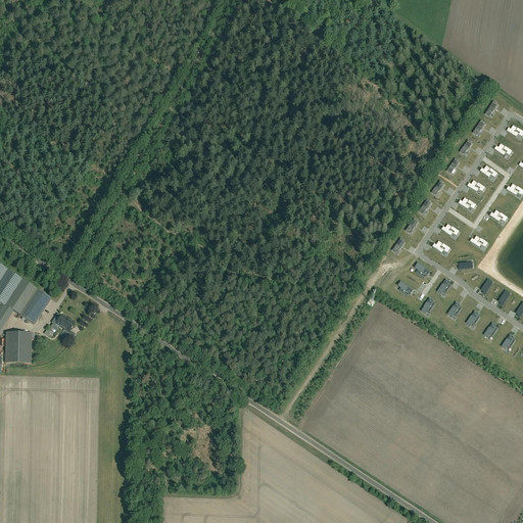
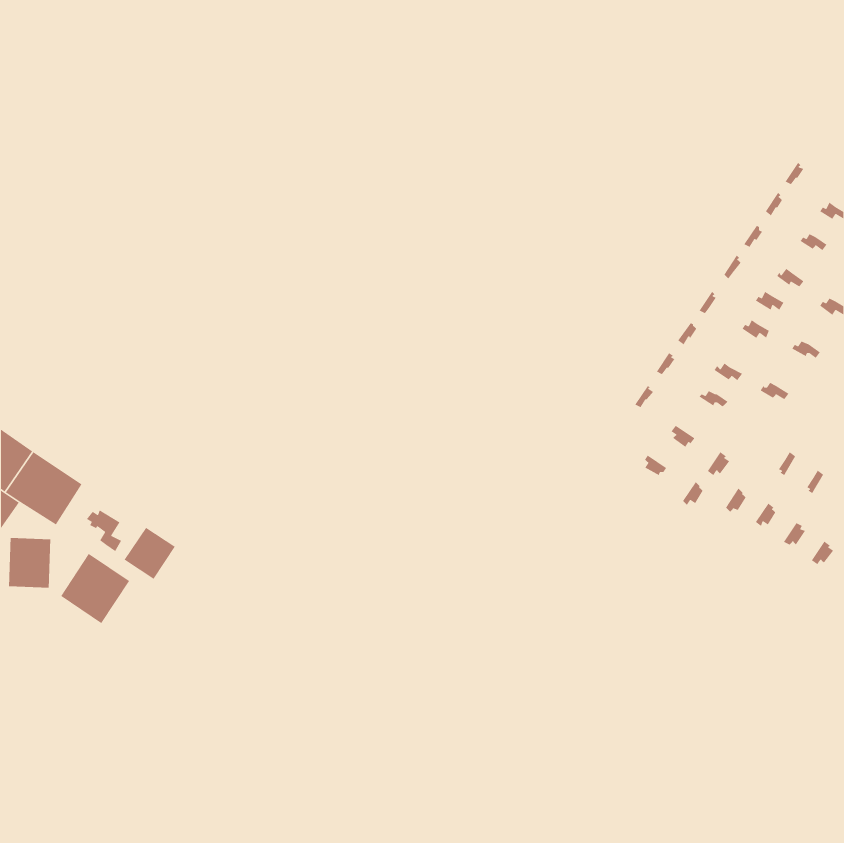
building: none -> [124,527,176,580]
building: none -> [60,553,130,624]

